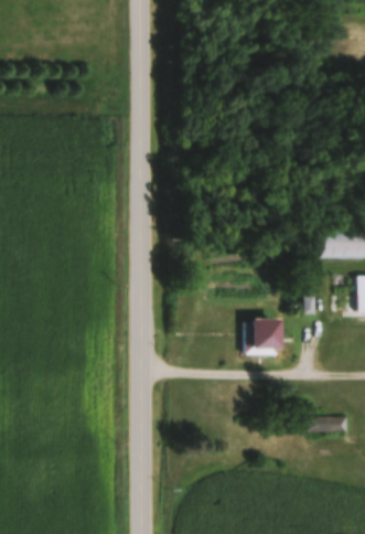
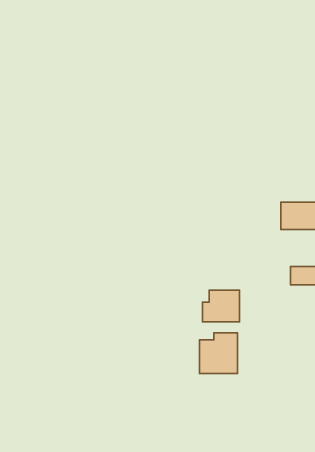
building: none -> [200,333,237,374]
building: [308,416,346,432] -> none

